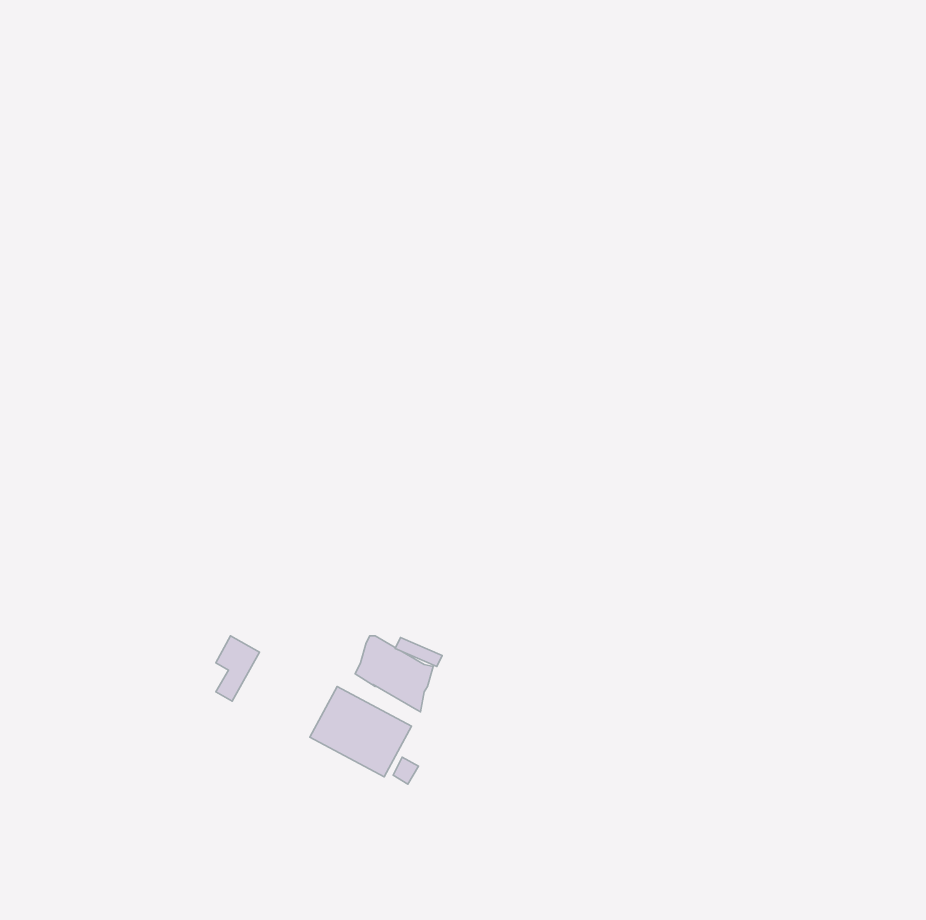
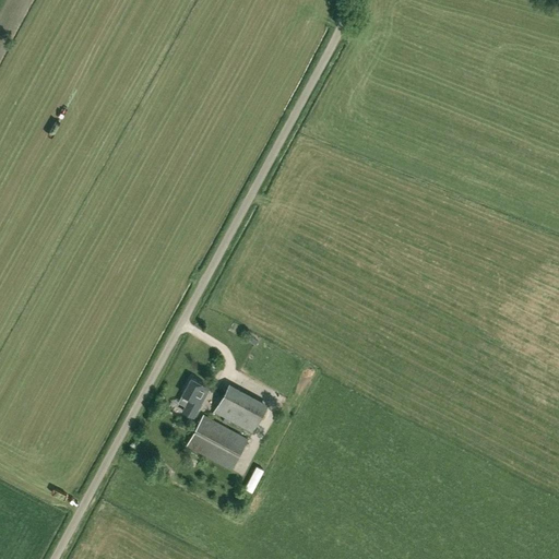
building: [216,636,259,701] -> [182,380,209,419]

